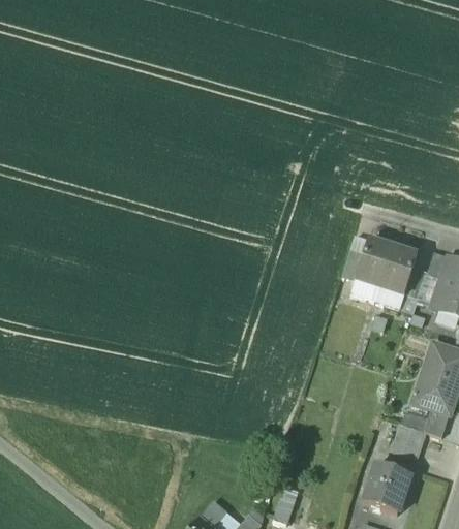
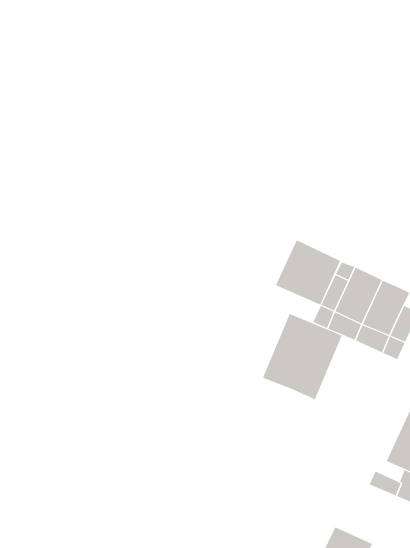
building: none -> [275,239,341,306]
building: none -> [262,313,343,400]
building: [392,422,426,457] -> none

